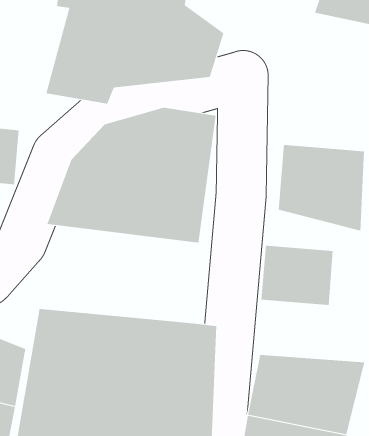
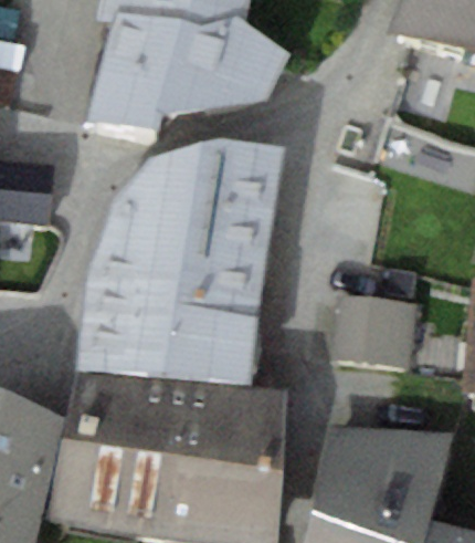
building: [278,144,365,231] -> none
building: none -> [76,273,261,387]

